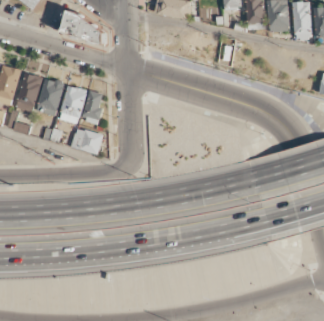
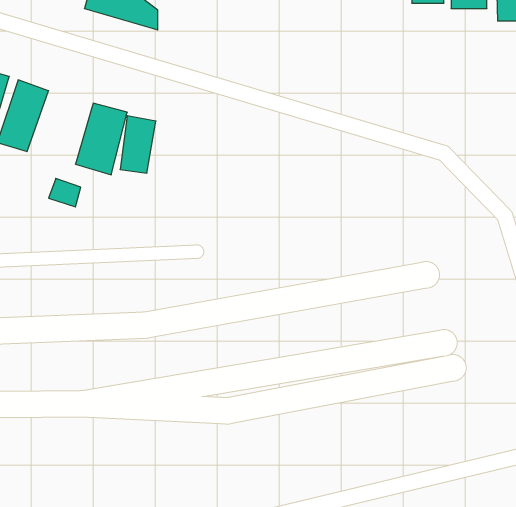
building: [36,76,65,116] -> none
building: [71,127,103,154] -> none

